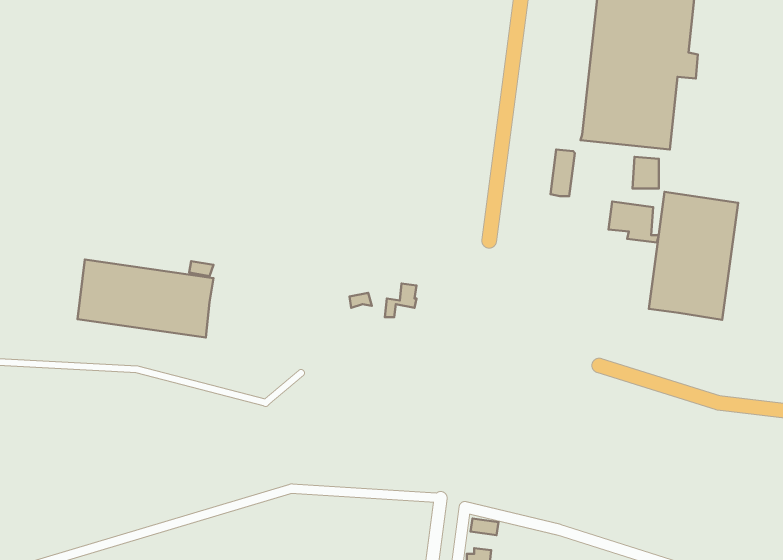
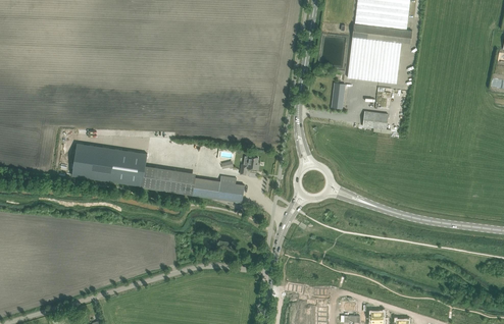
building: [649,192,738,320] -> none
building: none -> [141,166,244,202]

